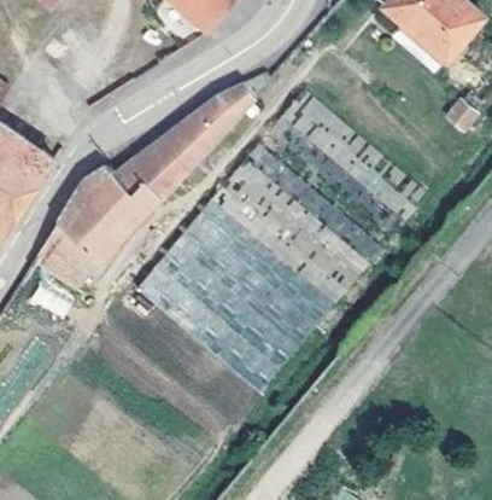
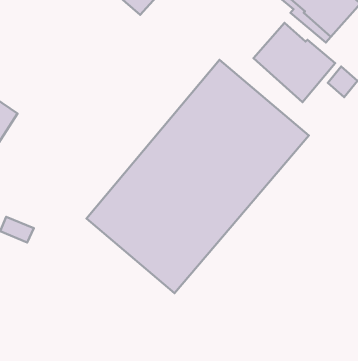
building: none -> [253,23,335,102]
building: [36,71,270,283] -> none

